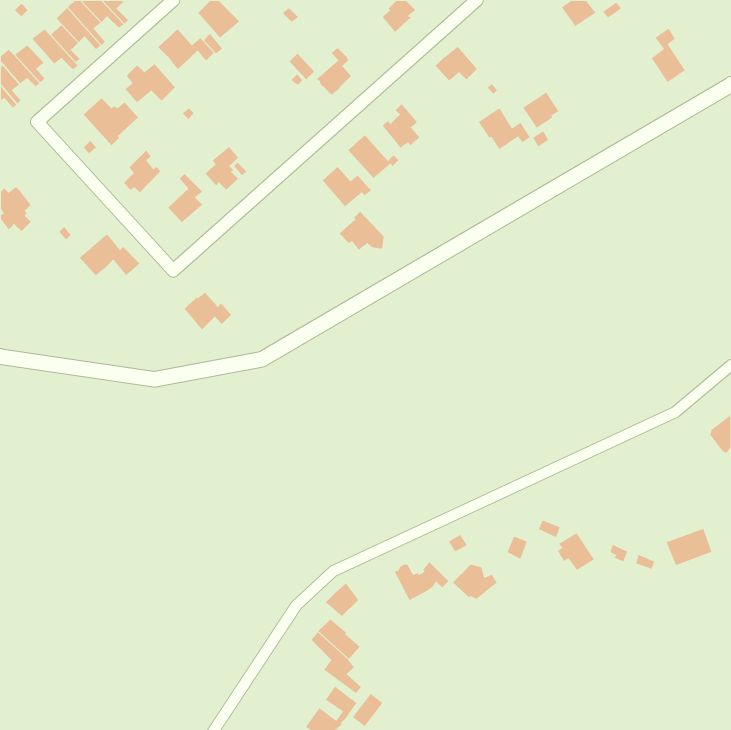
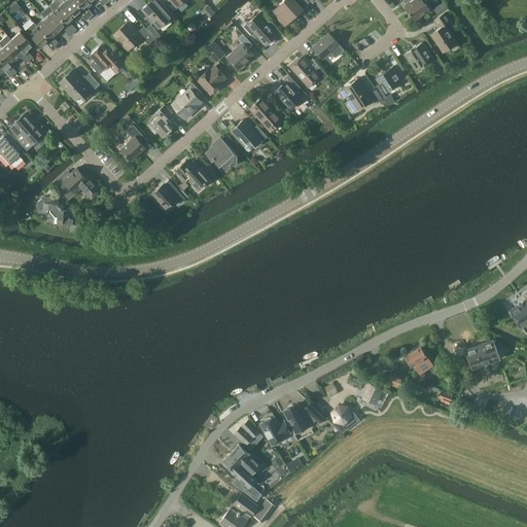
building: none -> [245,14,278,46]
building: [650,27,686,83] -> [431,13,457,54]
building: none -> [405,43,431,70]
building: none -> [290,58,328,87]
building: none -> [198,67,225,94]
building: none -> [173,81,203,118]
building: [123,150,161,193] -> none
building: none -> [9,114,44,150]
building: [339,211,385,251] -> [205,138,238,167]
building: none -> [175,162,214,190]
building: none -> [37,197,70,225]
building: [183,292,232,330] -> [153,181,188,209]
building: [665,528,713,566] -> [465,341,499,368]
building: [557,532,595,571] -> [405,347,432,375]
building: none -> [260,418,289,446]

